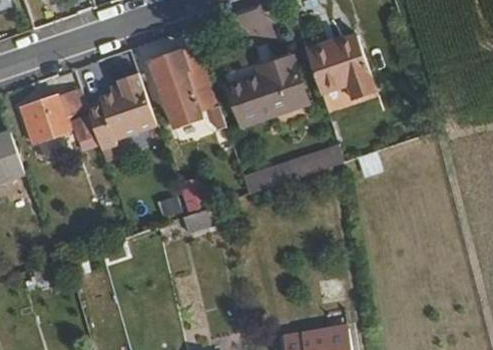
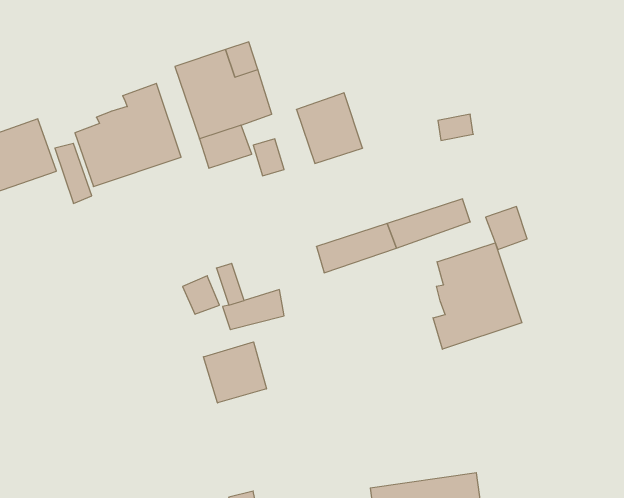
building: [308,36,378,101] -> none
building: [259,57,306,113] -> none
building: none -> [433,243,522,349]
building: none -> [203,342,266,403]

